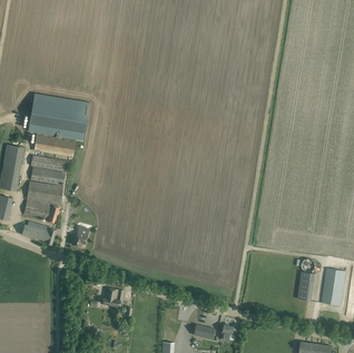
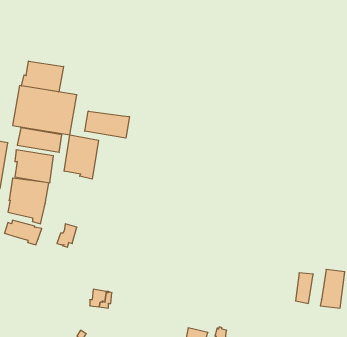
building: none -> [22,61,64,92]
building: none -> [85,111,130,138]
building: none -> [64,135,99,179]

